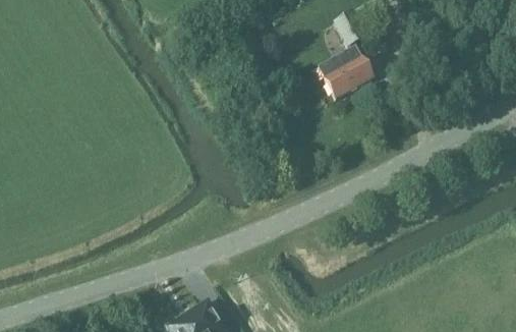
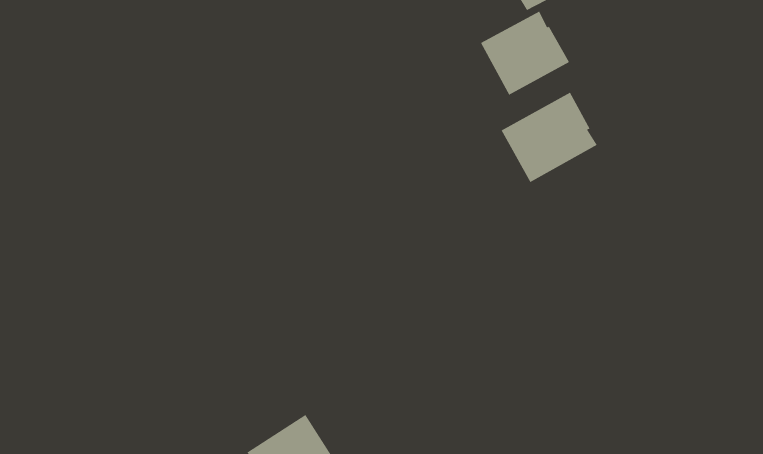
building: none -> [501,92,597,183]

